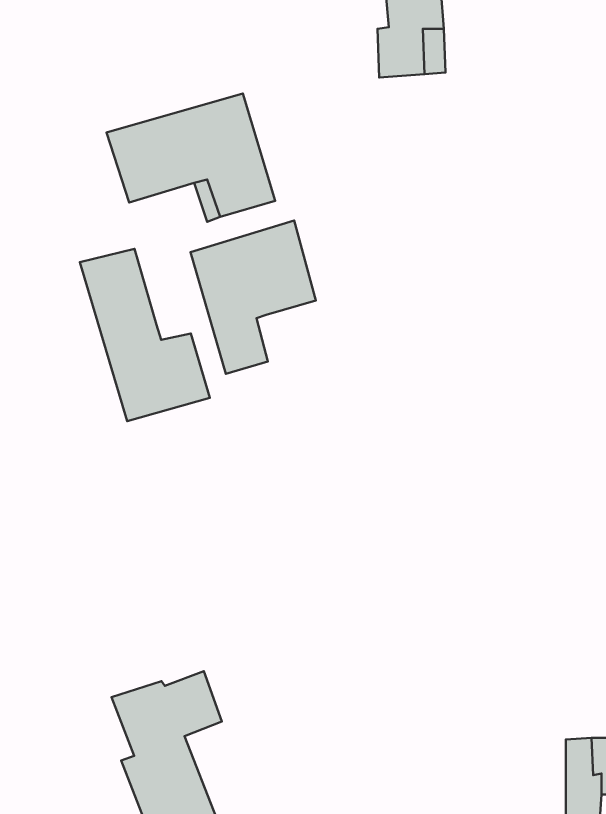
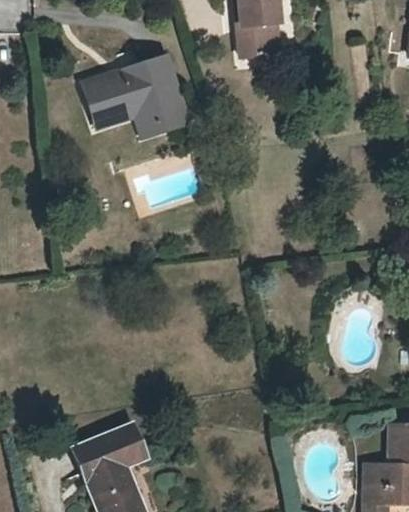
building: [191,221,316,374] -> none
building: [80,249,210,421] -> none

